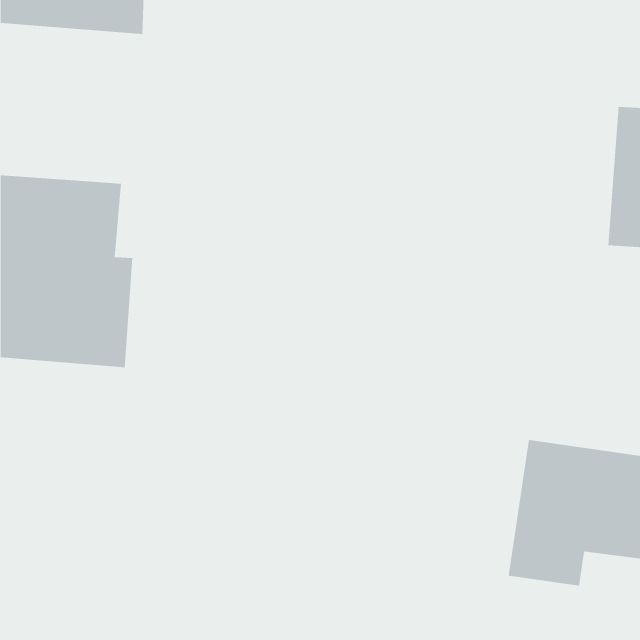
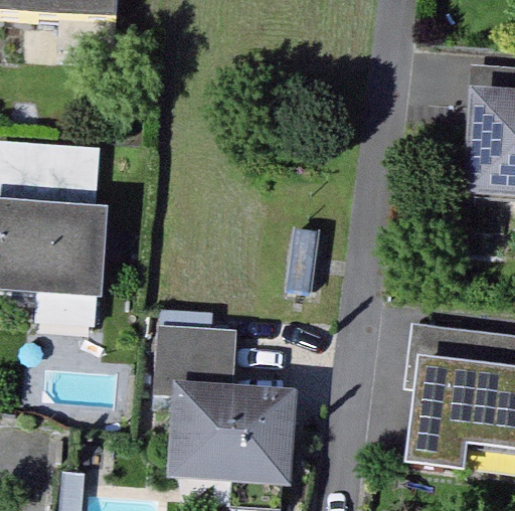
building: none -> [151,325,295,486]

